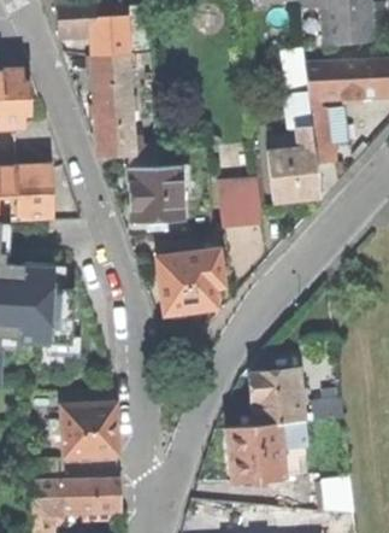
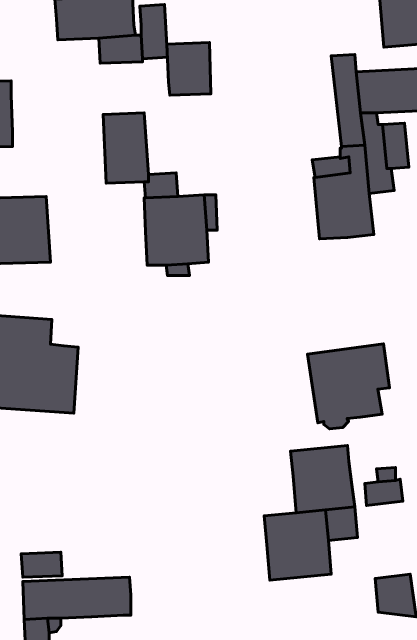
building: [93,55,129,99] -> [167,43,211,95]
building: [219,180,261,227] -> none
building: [154,250,222,320] -> [308,344,389,429]
building: [59,403,117,457] -> none

